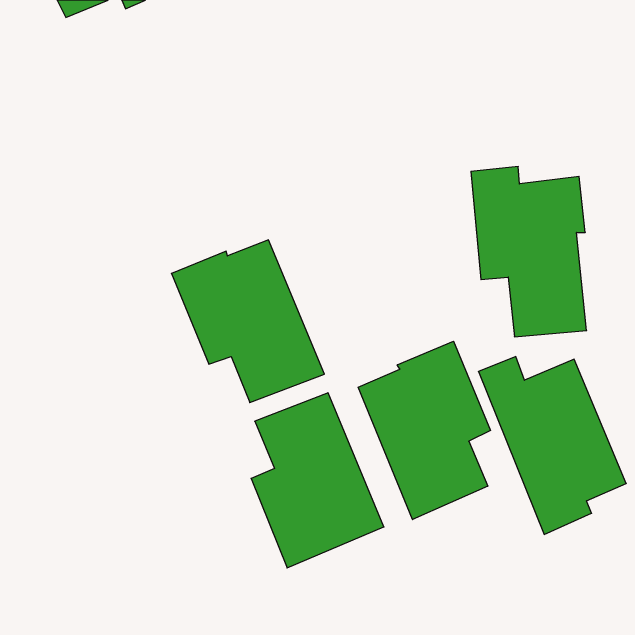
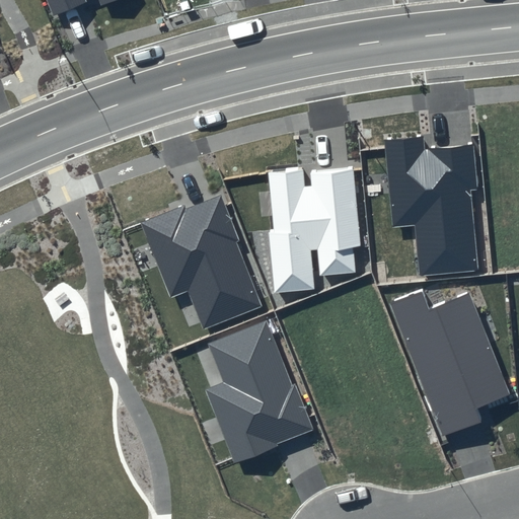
building: none -> [268,166,361,293]
building: [358,341,491,520] -> none

